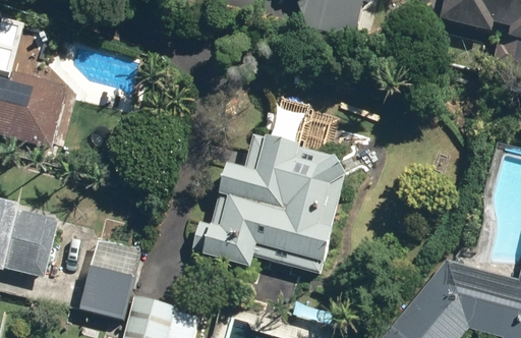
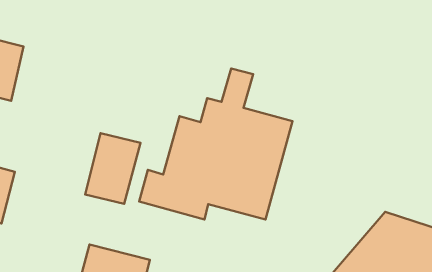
building: [80,240,139,316] -> [85,133,141,204]

